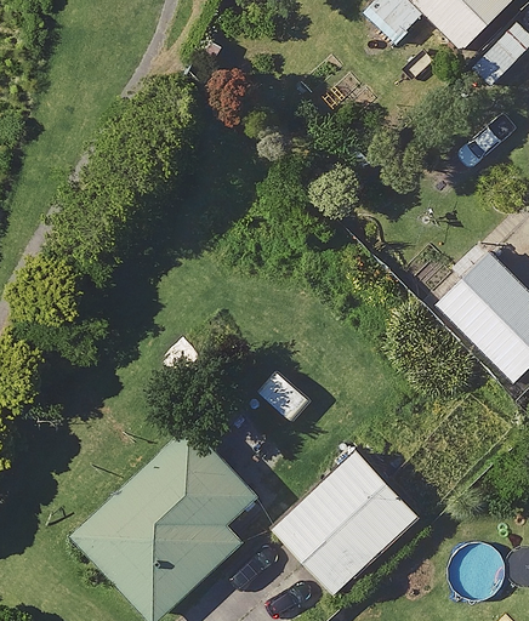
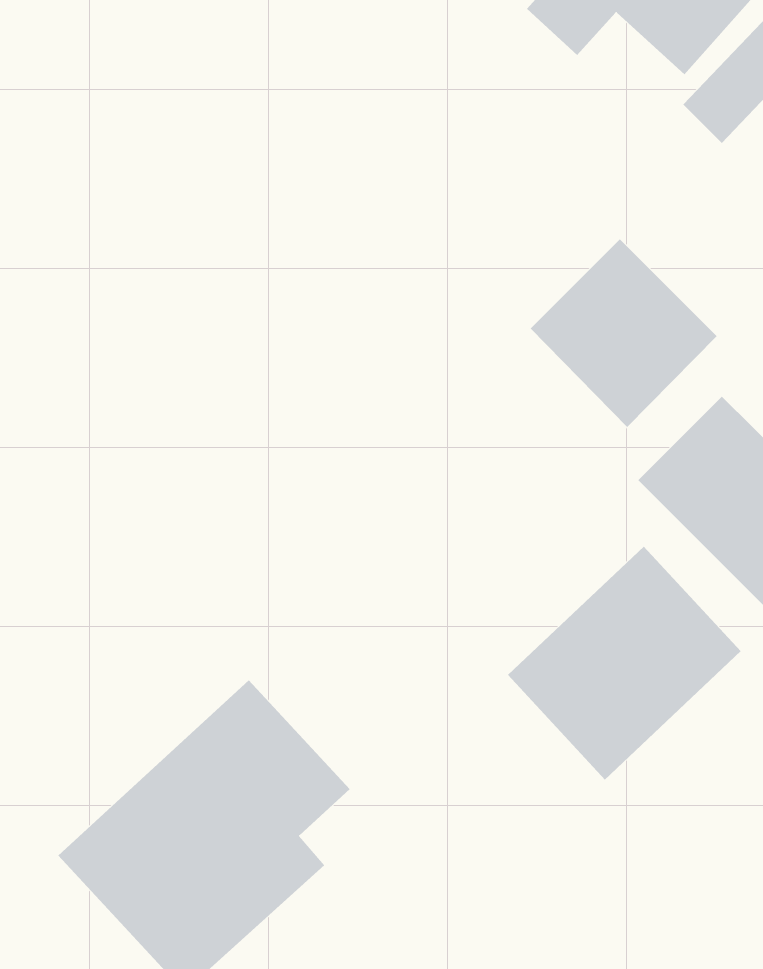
building: none -> [530,238,717,428]
building: [271,449,416,594] -> [507,546,742,780]

